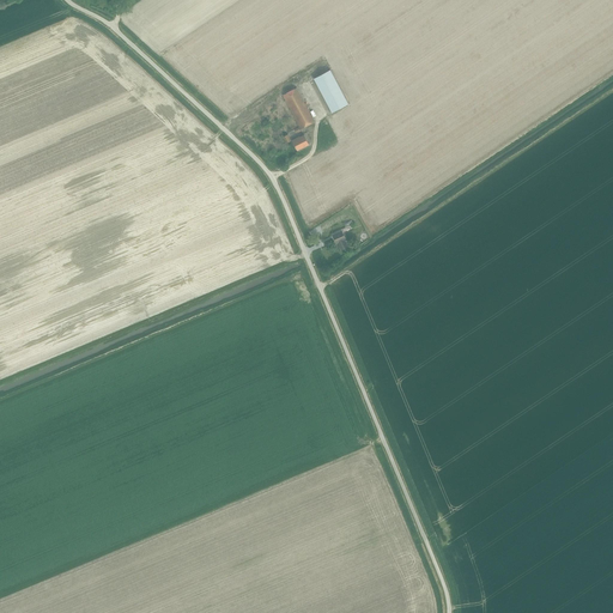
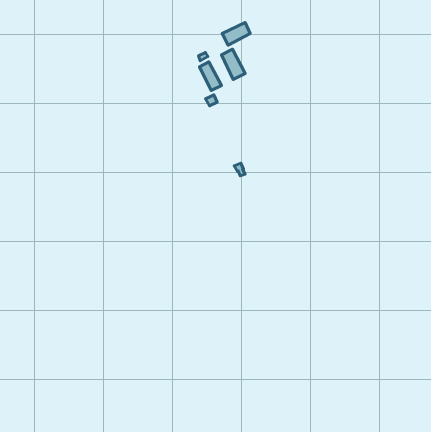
building: none -> [222,22,250,45]

